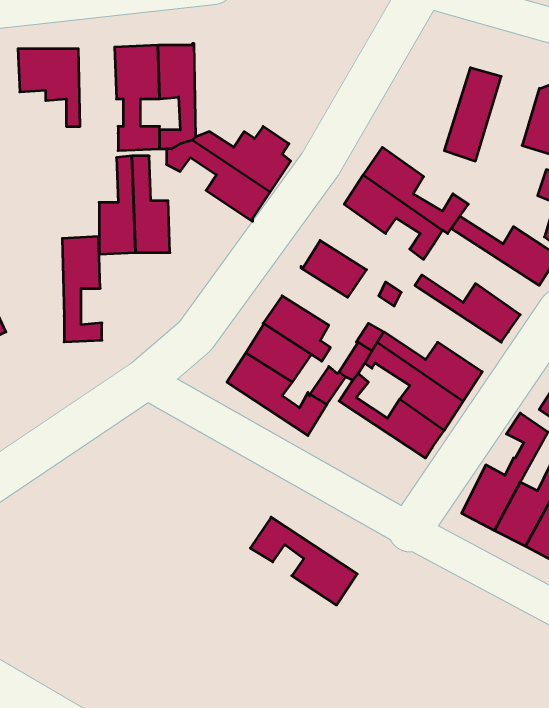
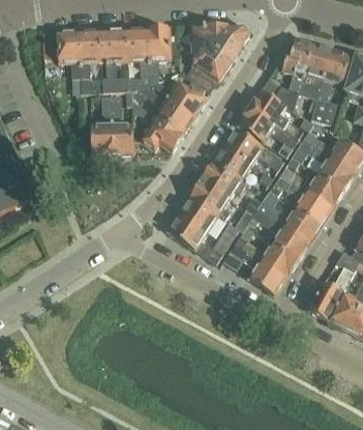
building: none -> [189,24,249,90]
building: none -> [148,26,178,83]
building: none -> [261,36,313,111]
building: none -> [310,47,351,124]
building: none -> [140,115,183,150]
building: none -> [223,127,283,169]
building: none -> [291,138,355,190]
building: [62,237,102,342] -> [79,29,102,92]
building: none -> [201,162,245,196]
building: none -> [268,172,332,224]
building: [250,517,357,605] -> [222,241,286,294]

